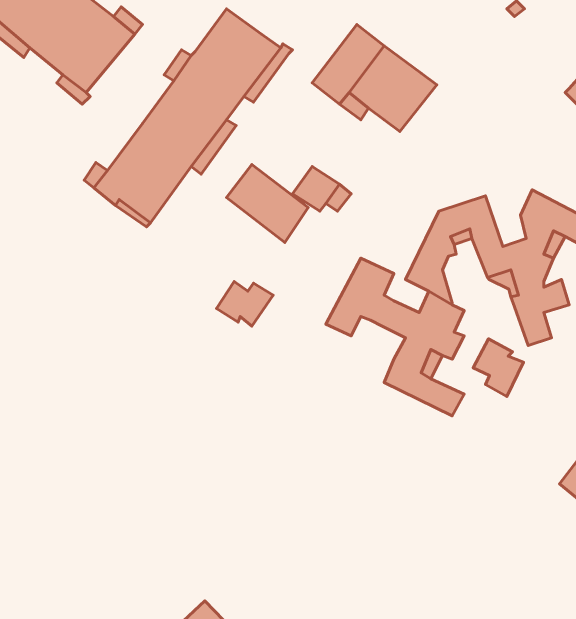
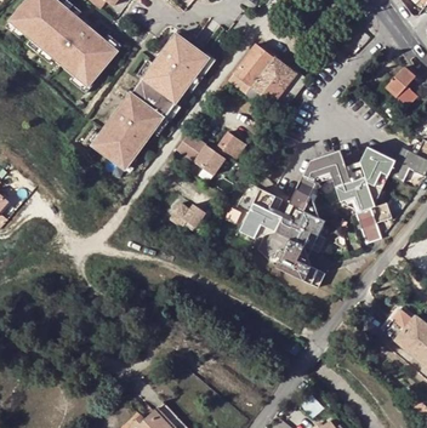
building: [473,339,524,397] -> none

